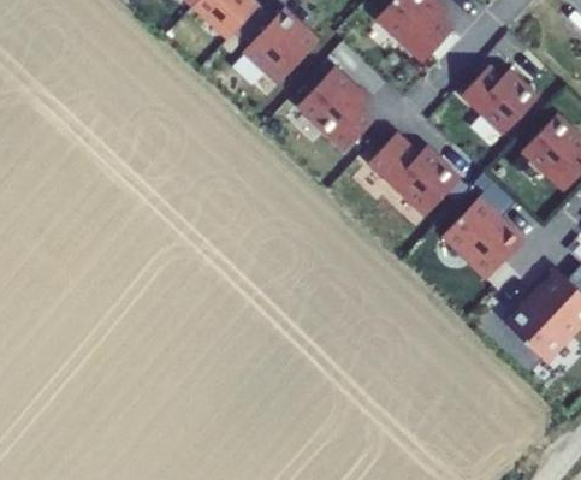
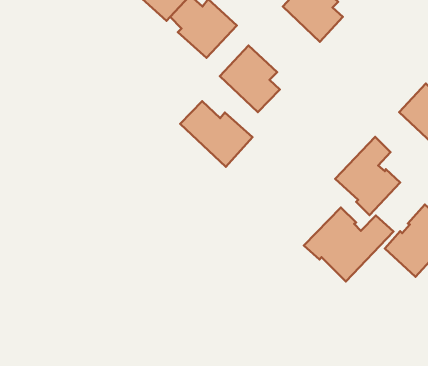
building: [462,66,538,135] -> none
building: [367,134,458,217] -> [180,101,253,167]
building: none -> [304,207,394,281]

